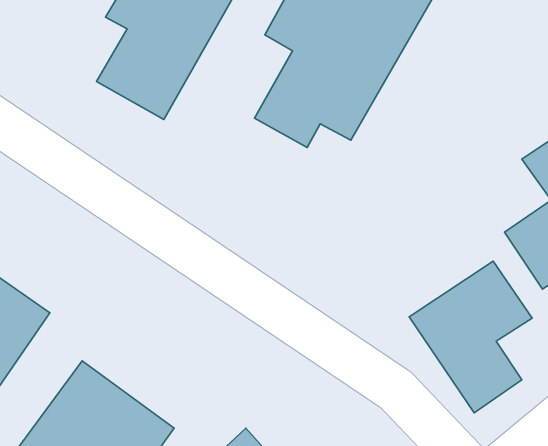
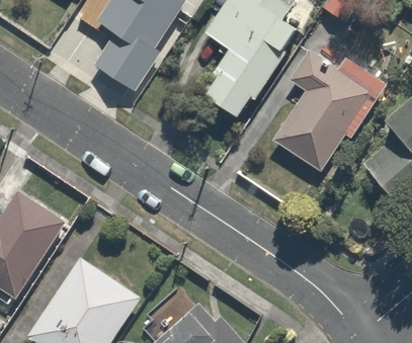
building: none -> [274,48,395,168]
building: [409,261,532,413] -> none

